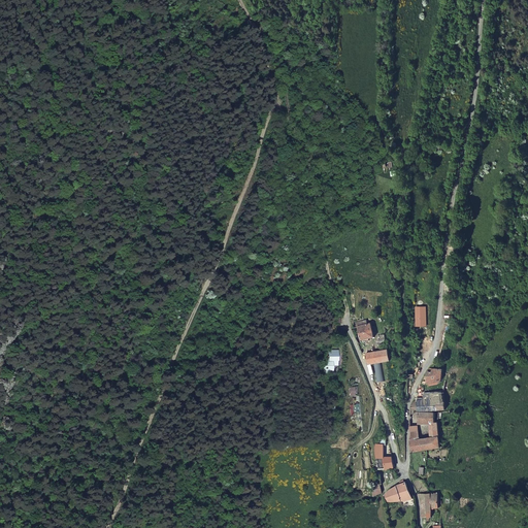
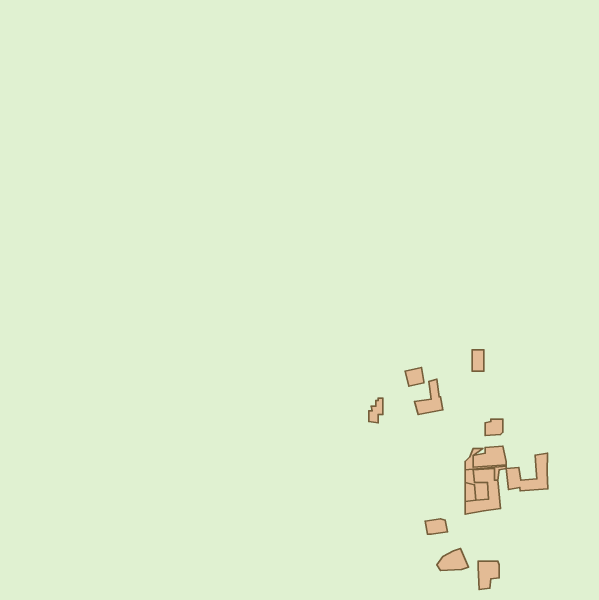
building: none -> [506,453,548,491]

